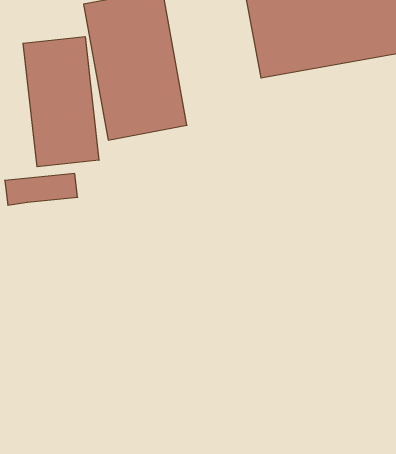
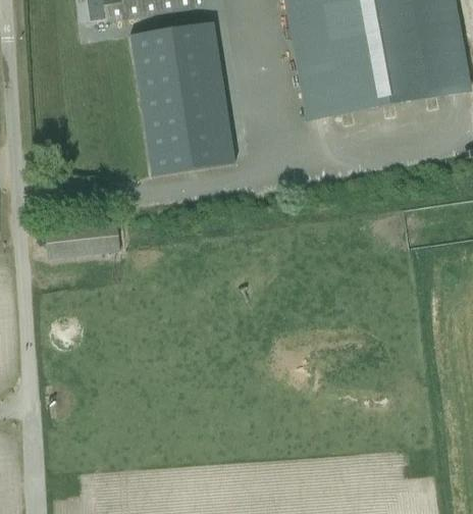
building: [23,37,99,167] -> none

